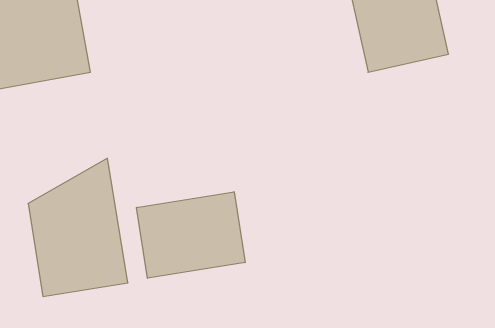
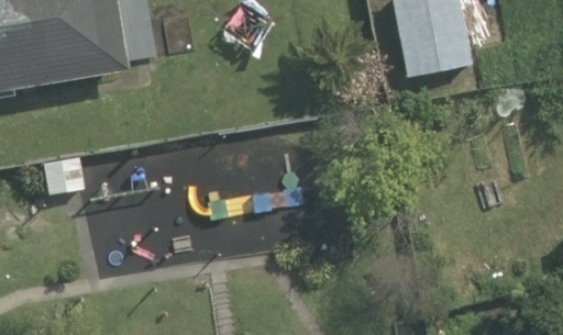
building: [137,192,245,278] -> none

